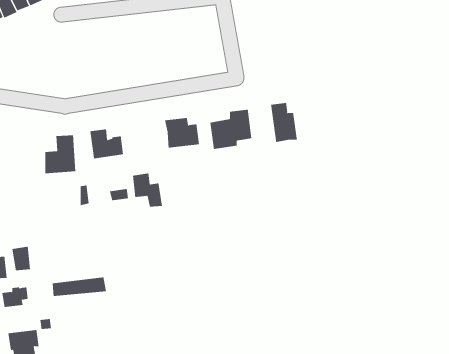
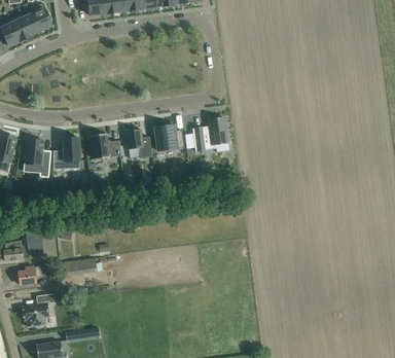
building: [271,102,297,143] -> none
building: none -> [26,139,51,177]
building: [132,173,163,207] -> [127,129,152,157]

